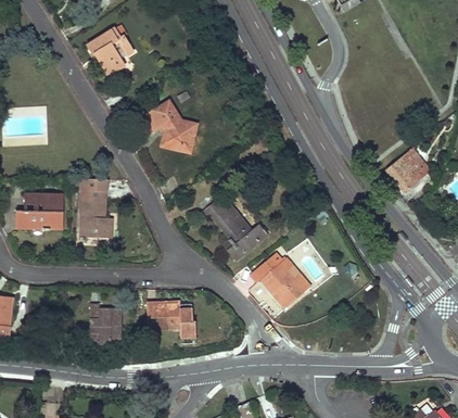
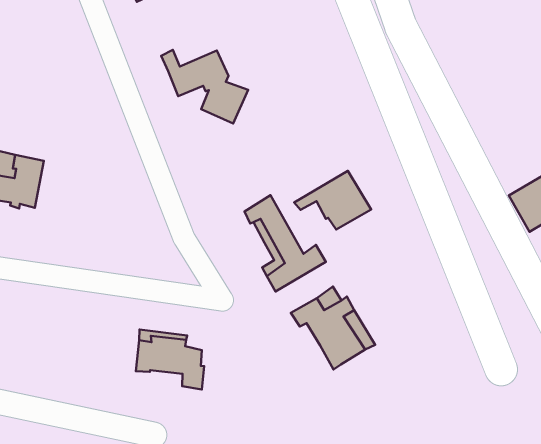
building: none -> [294,171,371,230]
building: [78,178,112,240] -> none
building: [89,304,122,344] -> none

